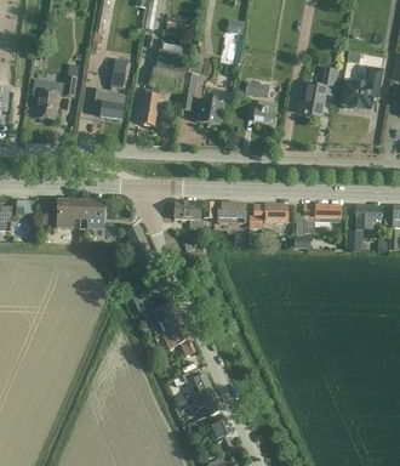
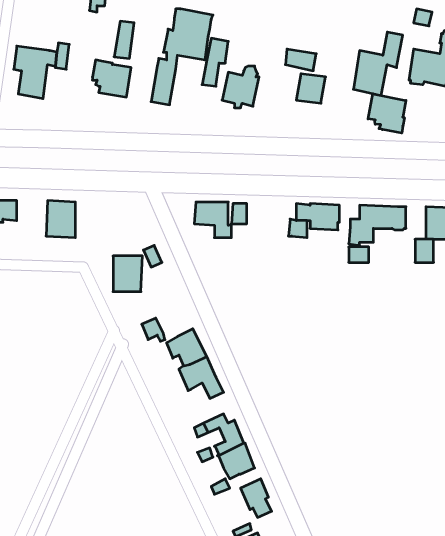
building: none -> [368,94,406,133]
building: [80,200,103,228] -> [113,256,142,292]
building: [218,201,245,223] -> none

